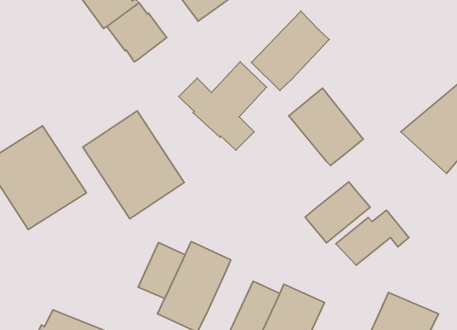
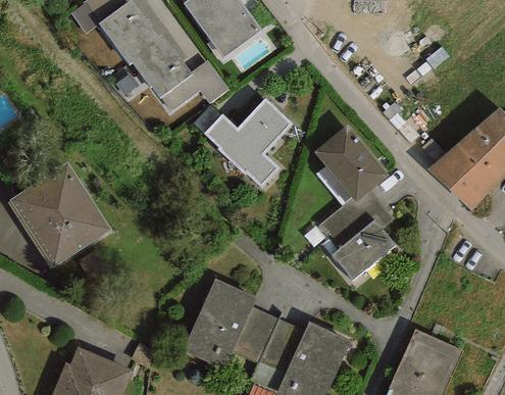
building: [252,11,329,91] -> none
building: none -> [161,60,228,110]
building: [83,111,184,219] -> none
building: [336,210,409,265] -> [319,191,393,246]
building: [138,243,185,298] -> [232,306,279,362]

